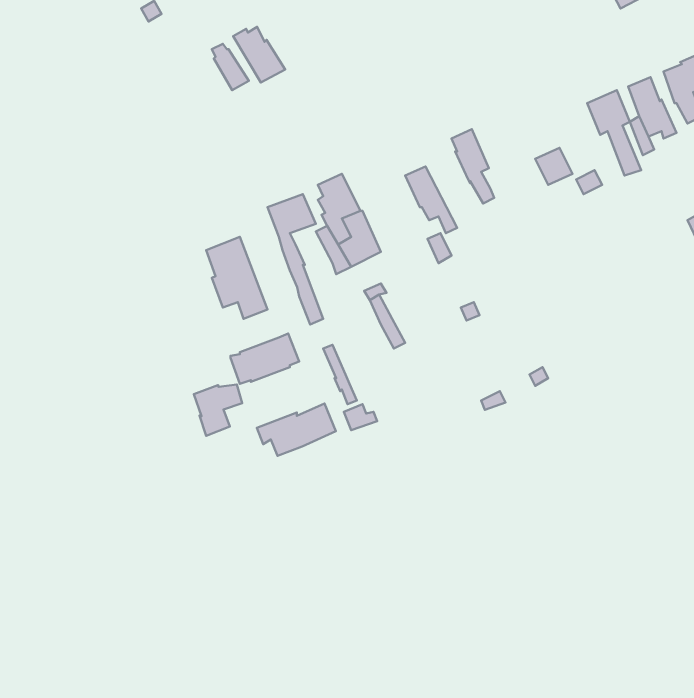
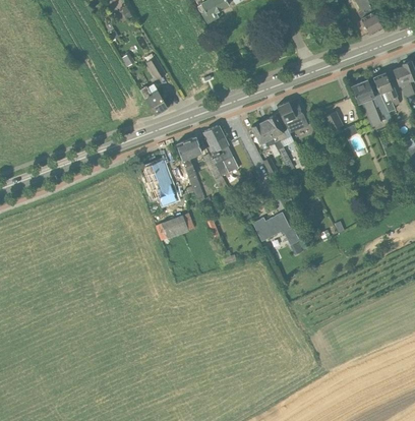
building: [233,27,285,83] -> [140,84,169,115]
building: none -> [263,113,294,171]
building: none -> [253,212,300,245]
building: [194,385,242,436] -> none
building: [257,403,336,456] -> none

